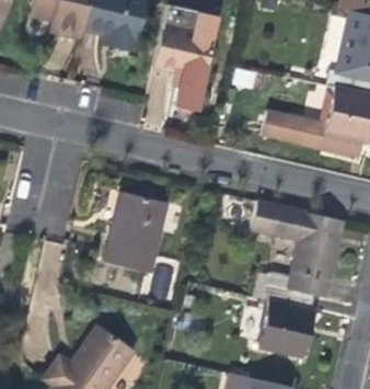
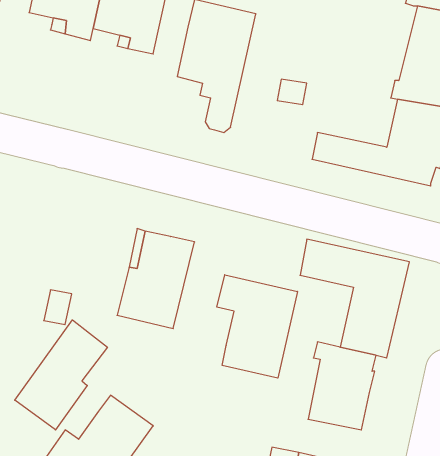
building: none -> [217,275,297,378]
building: none -> [15,320,107,430]

